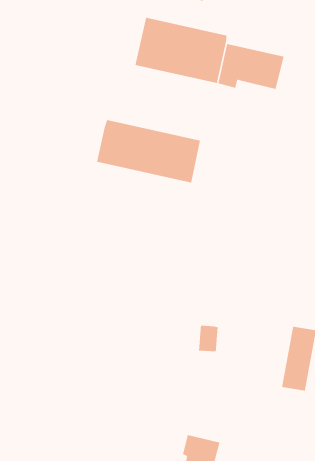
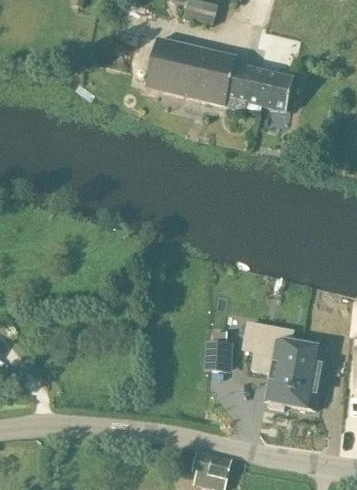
building: [96,119,201,183] -> none
building: none -> [245,323,302,407]

